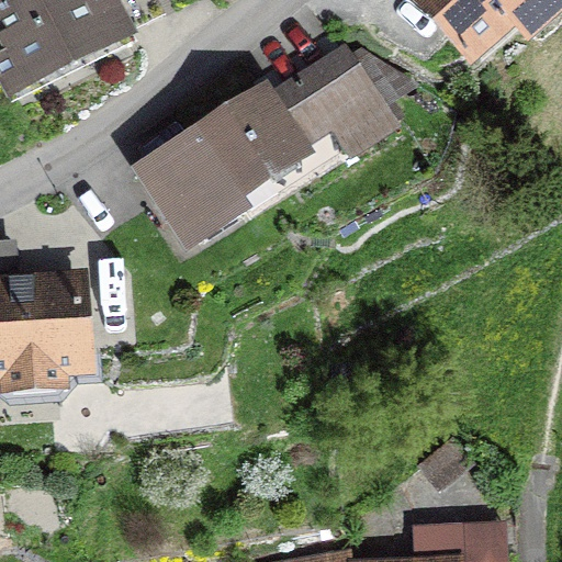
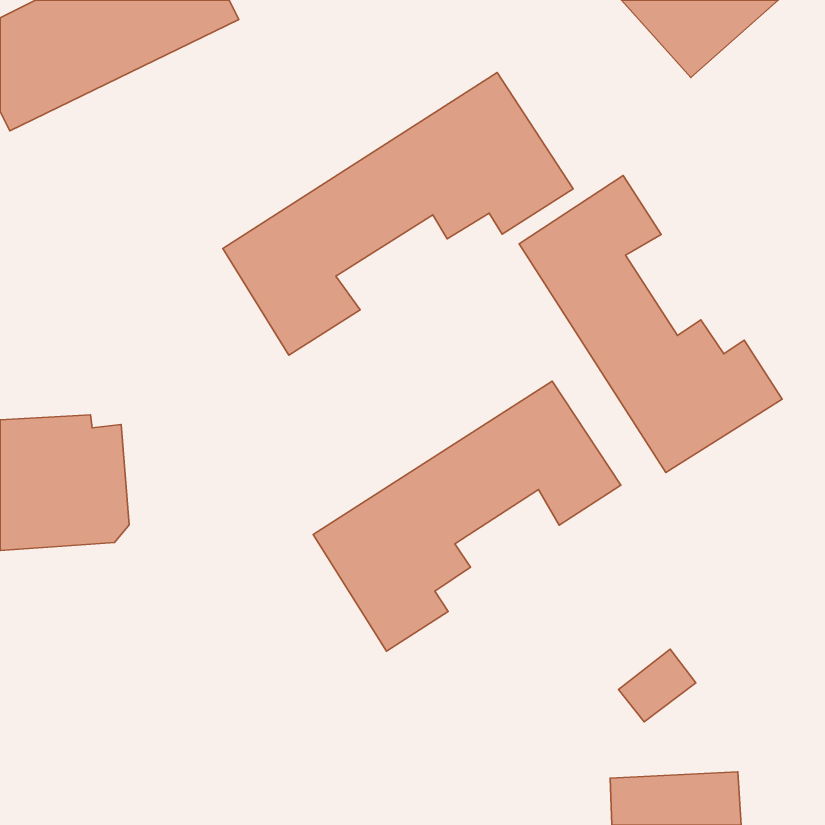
building: none -> [519,176,782,473]
building: none -> [313,381,621,651]

